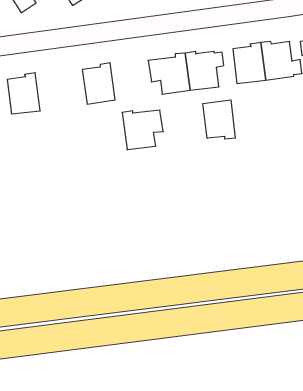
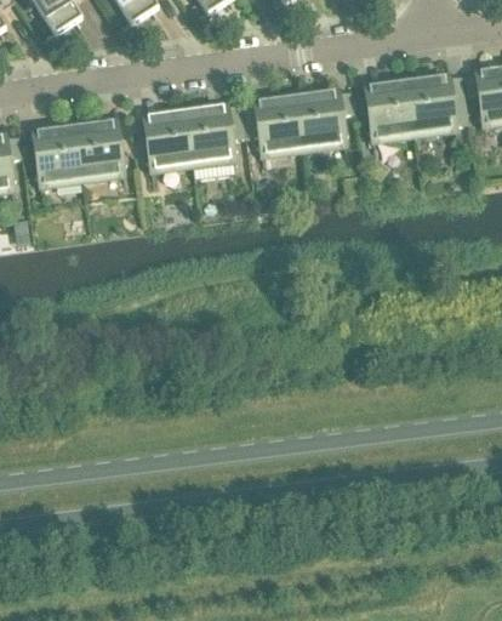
building: none -> [75,121,125,178]
building: [203,100,235,139] -> none
building: [122,110,163,150] -> [186,104,246,163]

